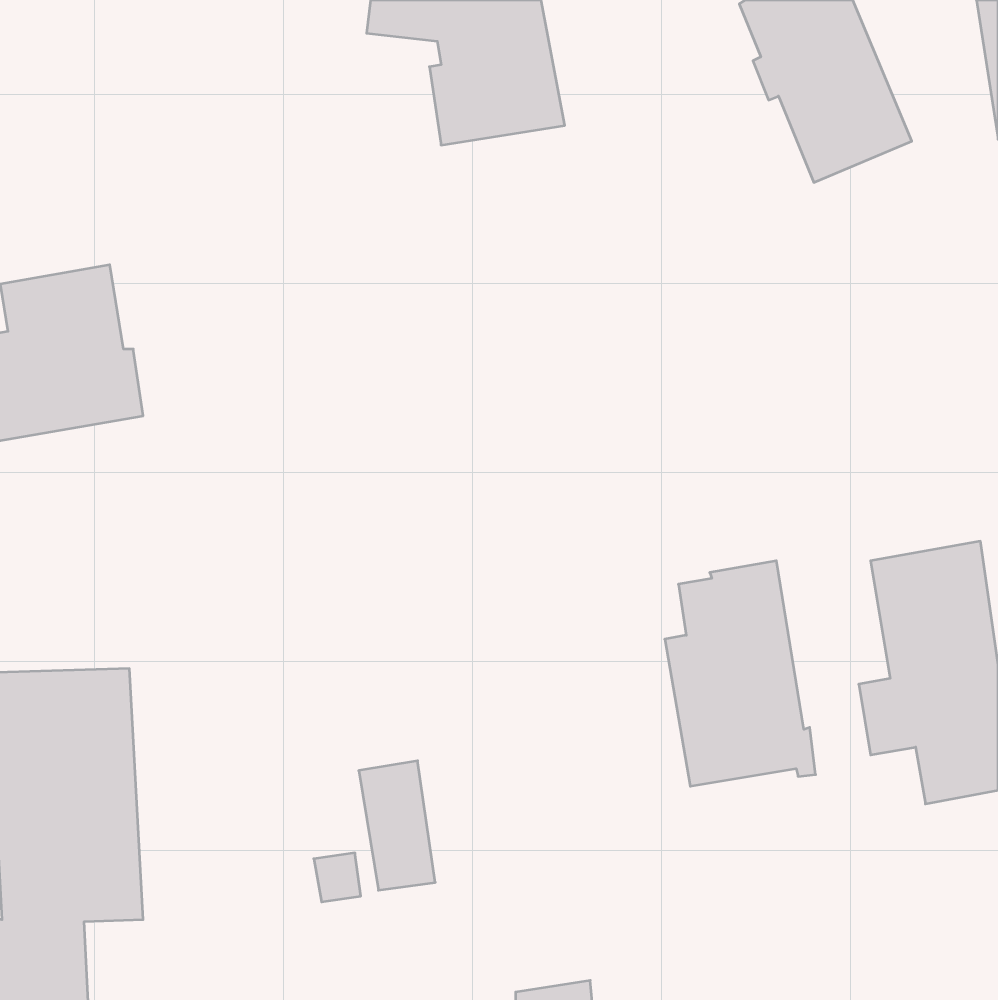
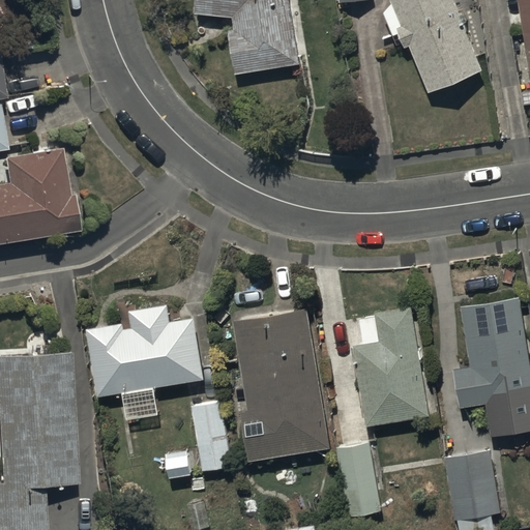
building: none -> [88,305,204,398]
building: none -> [235,311,330,462]
building: none -> [338,442,382,517]
building: none -> [445,451,502,522]

